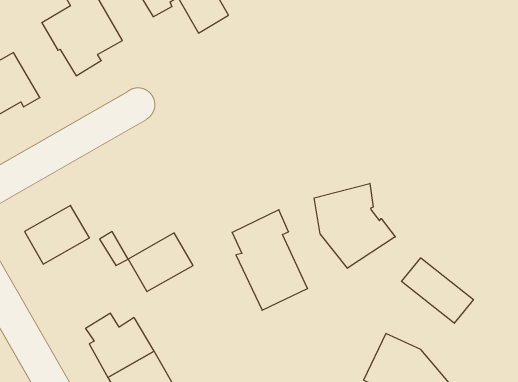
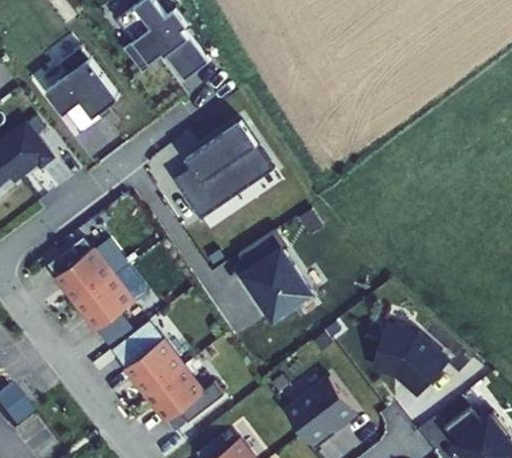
building: none -> [173,119,275,218]
building: [314,183,395,268] -> none
building: [128,233,193,292] -> [77,274,134,329]
building: [402,258,473,323] -> none

